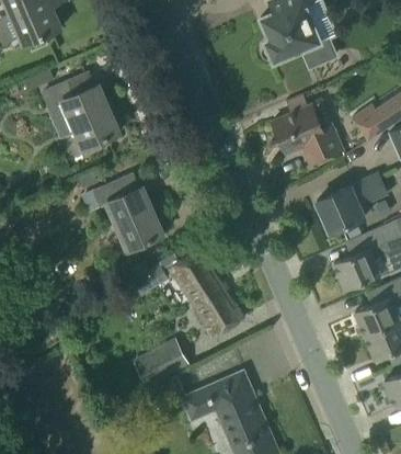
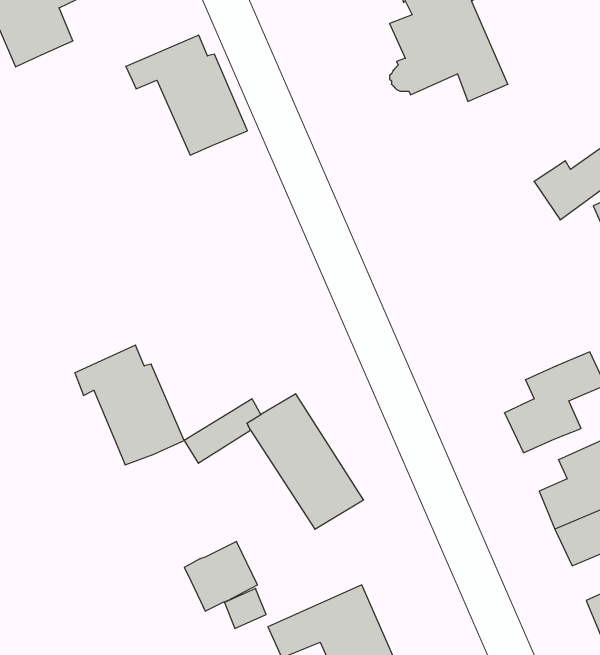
building: [43,73,119,149] -> [126,35,247,155]
building: [272,105,342,166] -> none
building: [316,174,387,234] -> none
building: [94,175,163,251] -> [75,345,184,465]

